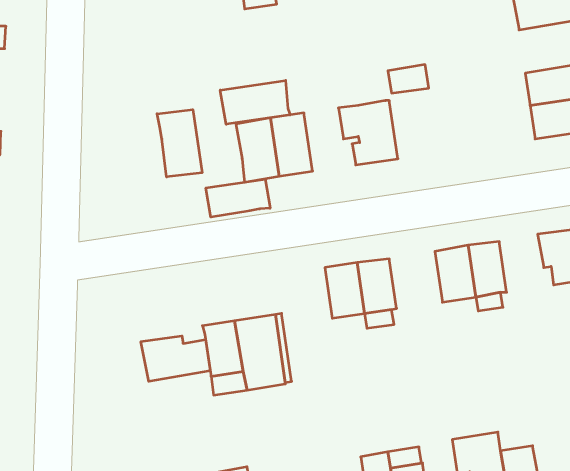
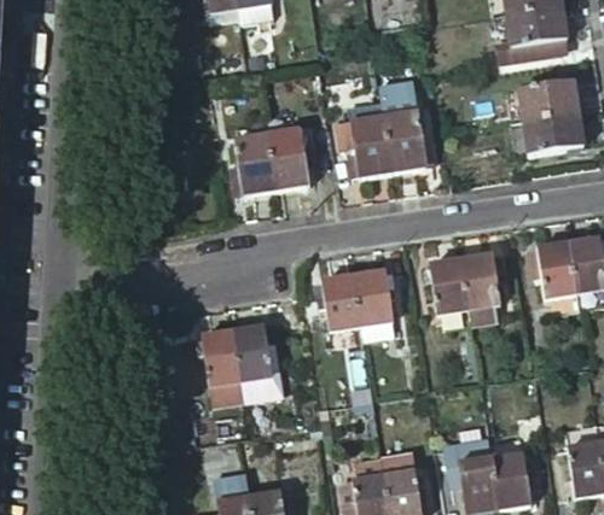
building: [220,80,290,124] -> none
building: none -> [384,110,432,172]
building: [157,110,202,177] -> none
building: [206,179,270,217] -> none
building: [141,336,210,381] -> none

